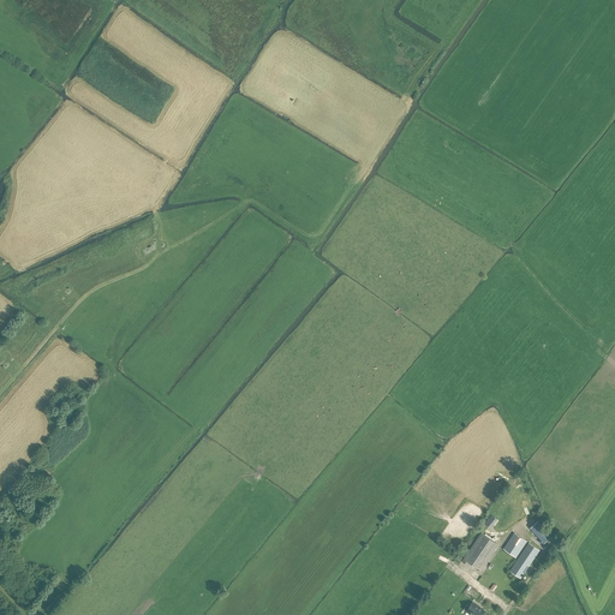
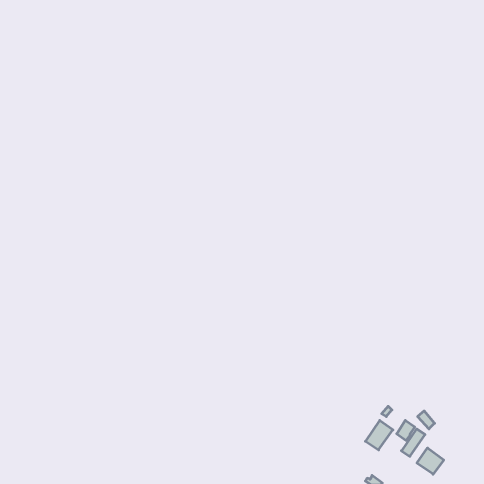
building: none -> [417,448,444,474]

